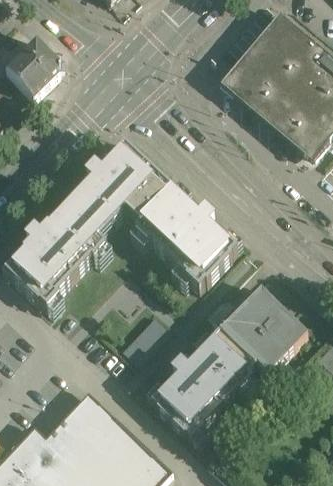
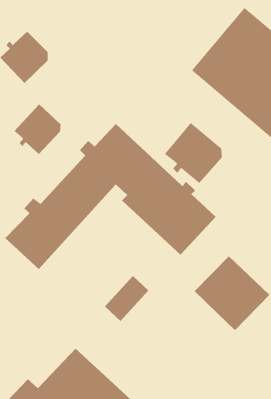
building: none -> [13,104,61,155]
building: none -> [164,122,222,184]
building: [157,331,258,434] -> none

